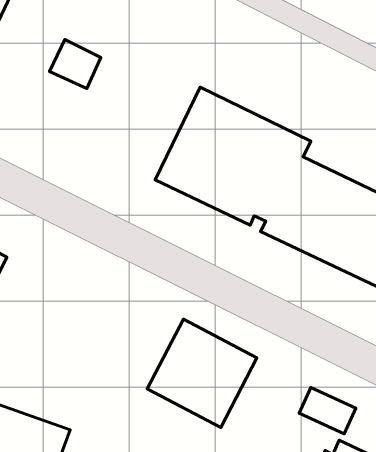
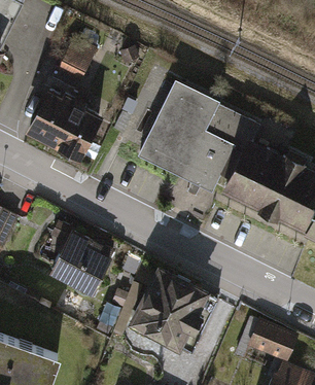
building: none -> [26,87,102,162]
building: none -> [44,221,112,296]

